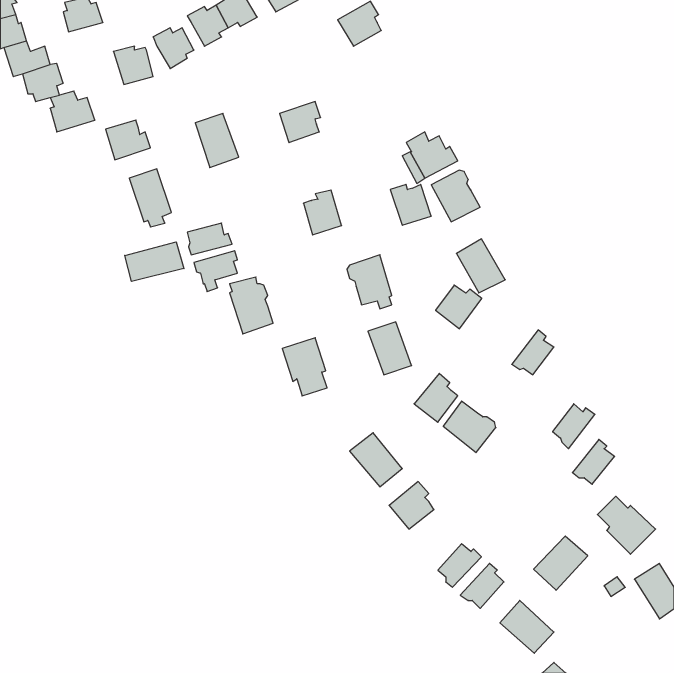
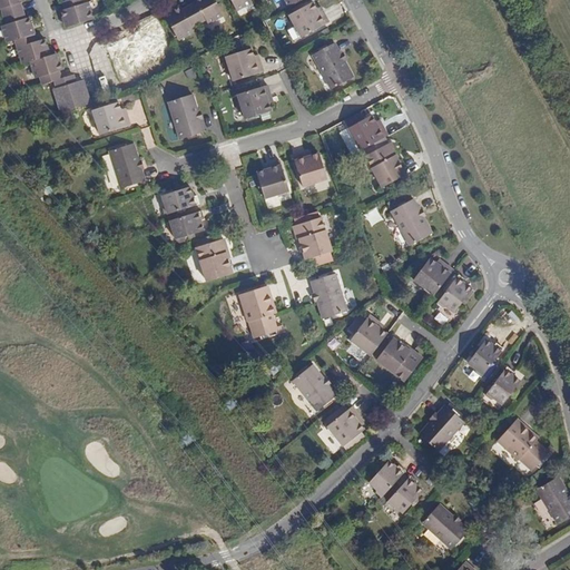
building: none -> [311,43,352,89]
building: none -> [224,49,263,82]
building: [390,184,431,225] -> [294,151,328,186]
building: [125,242,184,281] -> none
building: [436,285,482,329] -> [411,262,450,298]
building: [534,536,588,590] -> [416,402,462,448]

